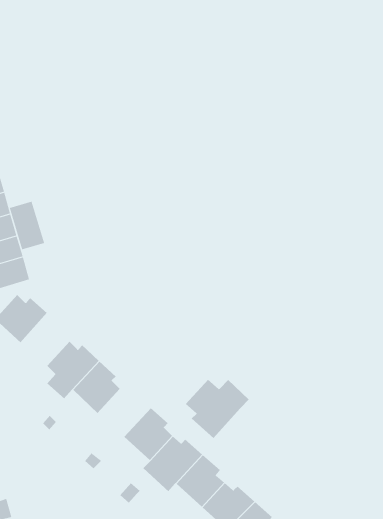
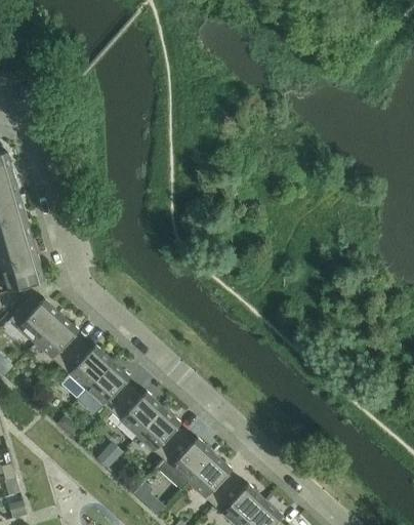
building: [9,201,45,250] -> none
building: none -> [34,314,82,366]
building: [185,379,249,439] -> none
building: none -> [110,389,162,436]

